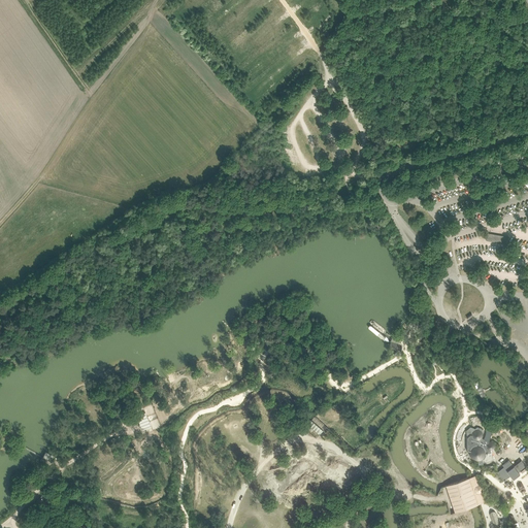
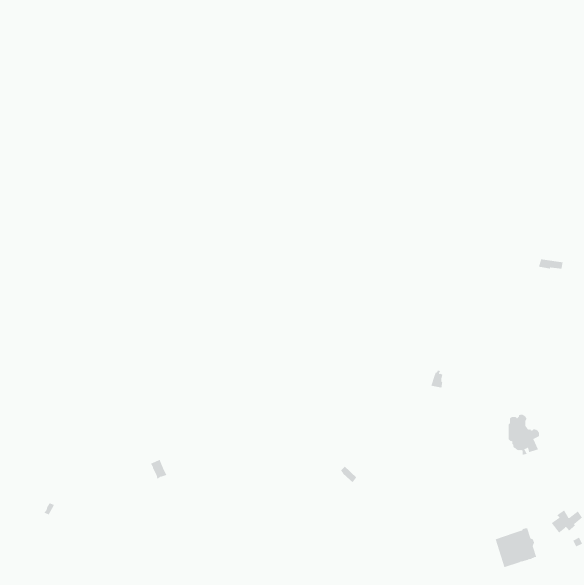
building: [465,427,494,464] -> [508,414,540,455]

